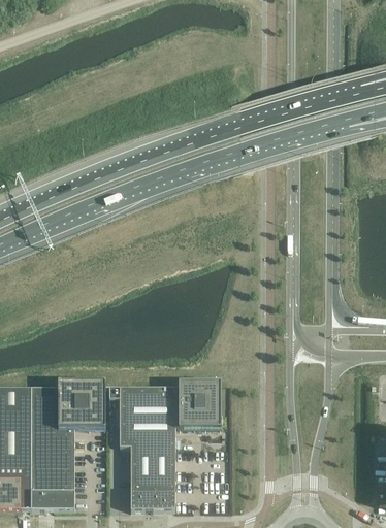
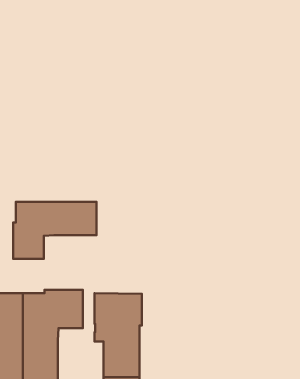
building: none -> [13,202,96,259]
building: [178,381,221,428] -> none

